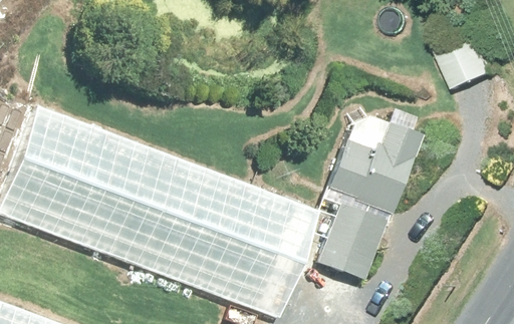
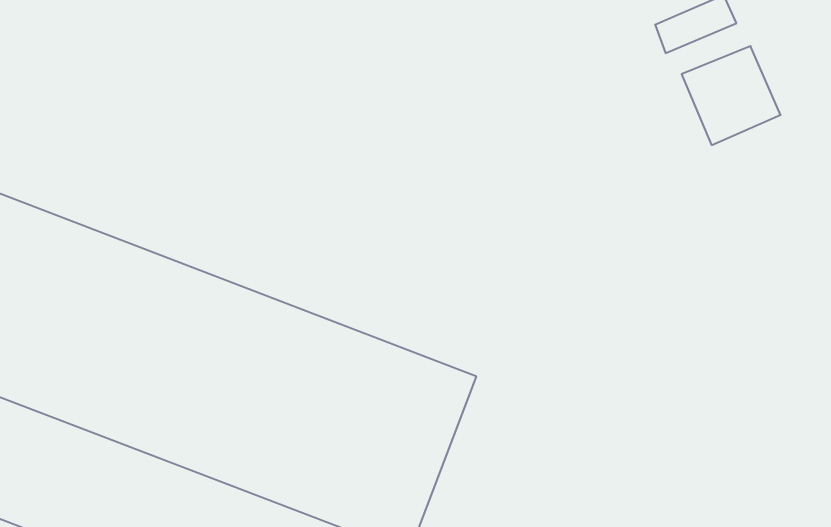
building: [299,110,409,282] -> none

